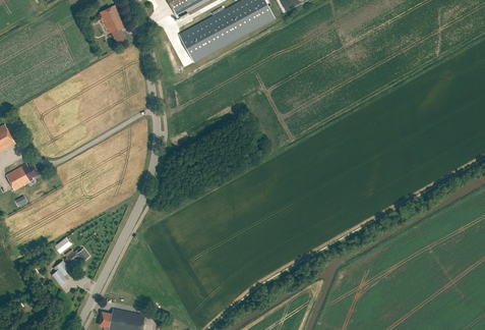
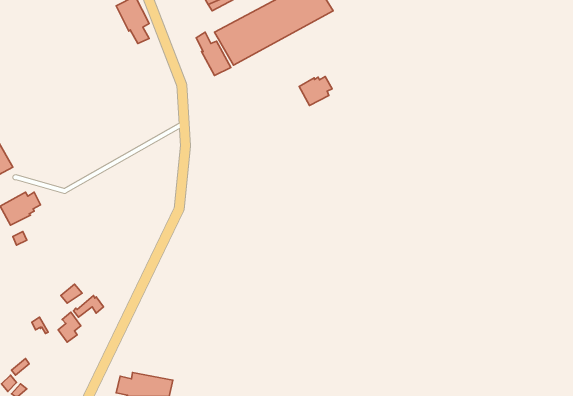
building: none -> [196,32,231,76]
building: none -> [299,77,332,106]

